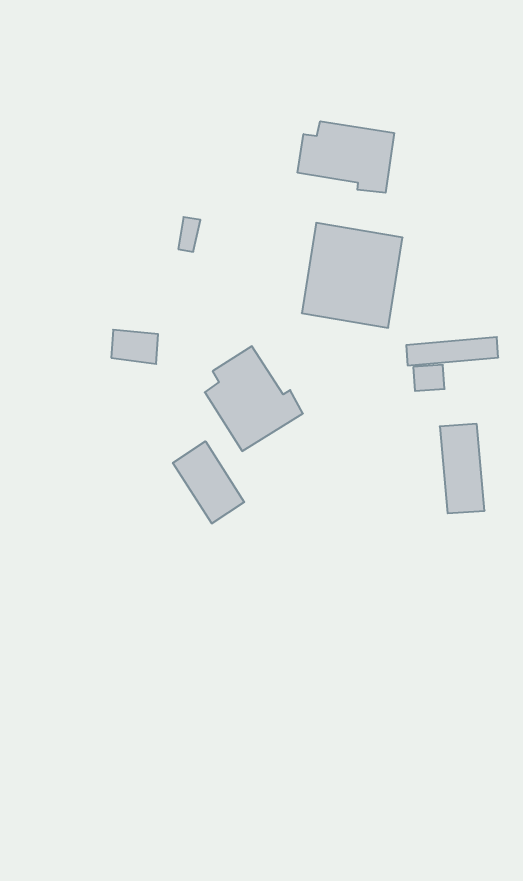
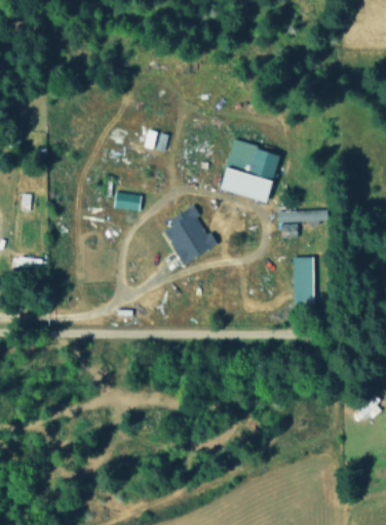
building: [298,121,394,193] -> none
building: [173,441,244,524] -> none

